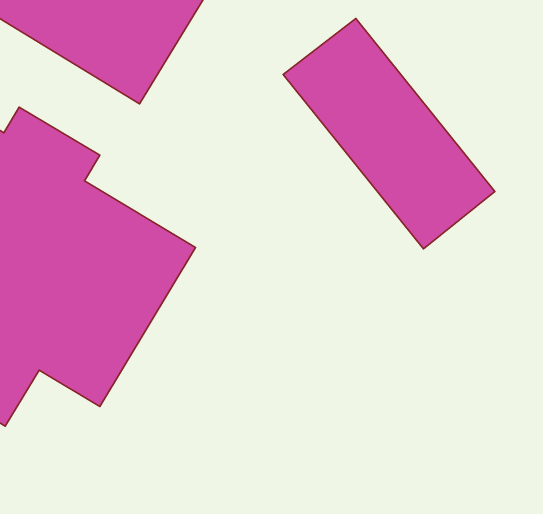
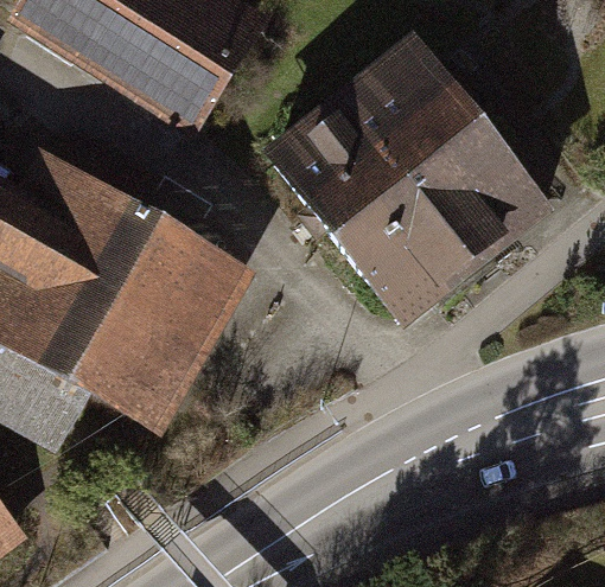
building: none -> [265,94,479,328]

